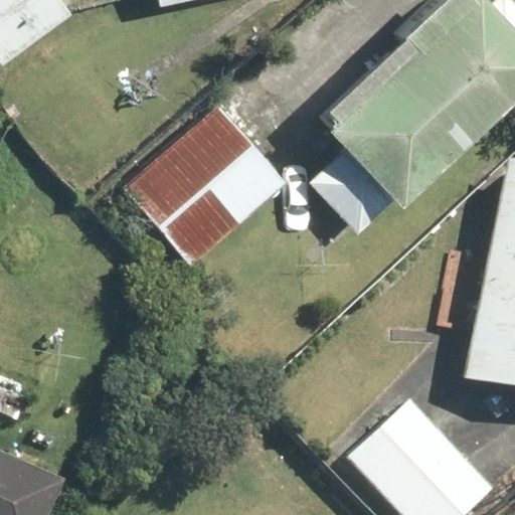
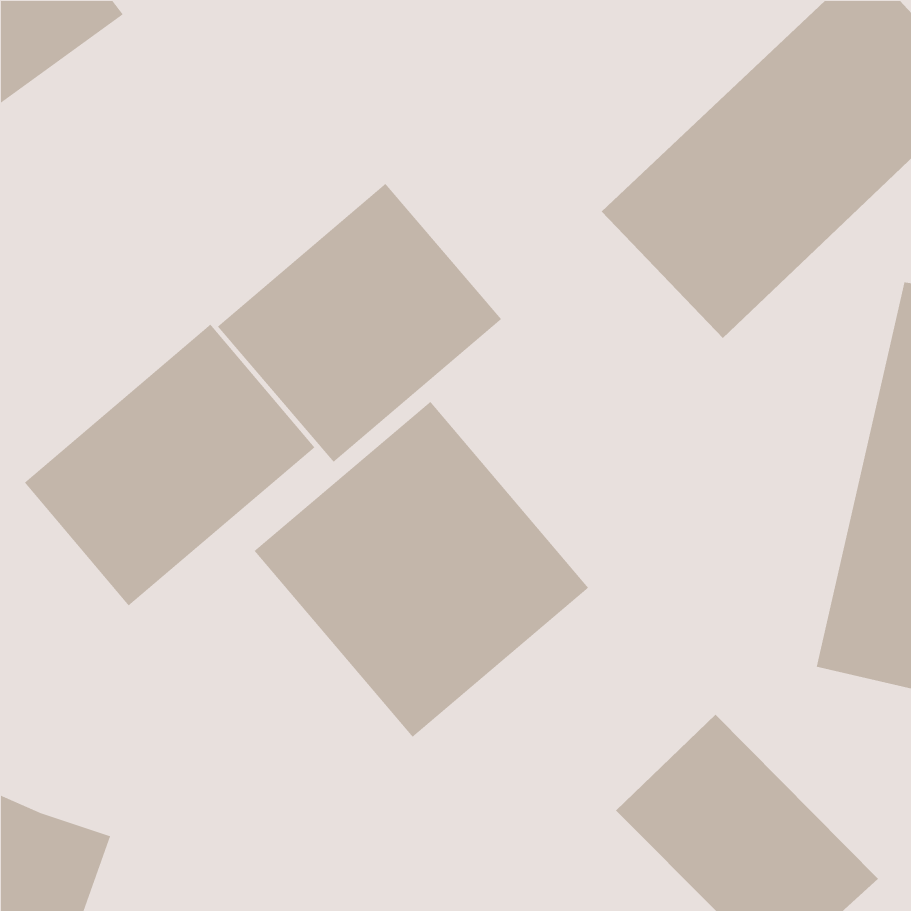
building: none -> [24,323,315,606]
building: none -> [253,401,589,738]

